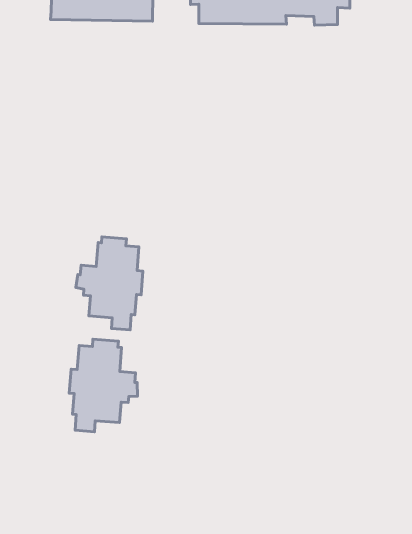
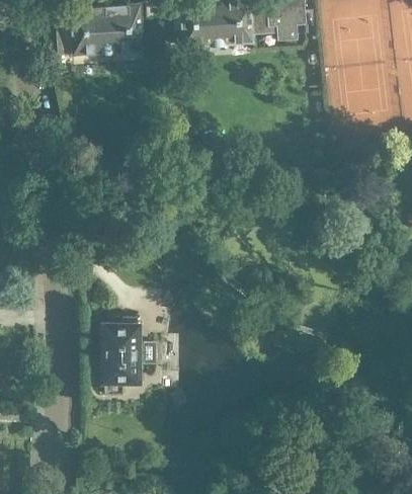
building: [76,237,143,330] -> none

